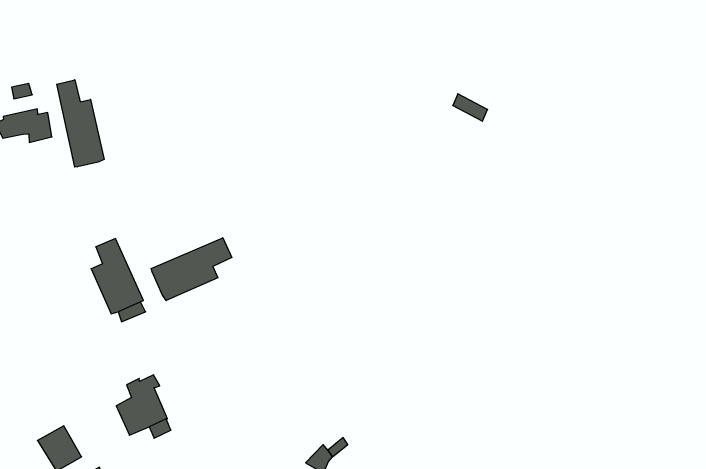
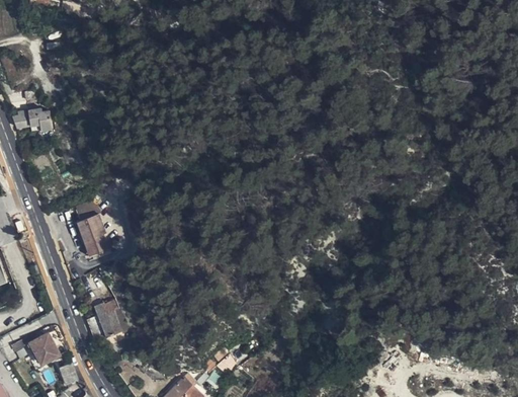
building: [57,80,104,167] -> none
building: [151,238,232,301] -> none

